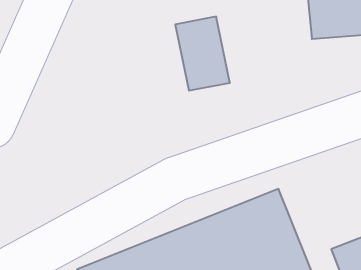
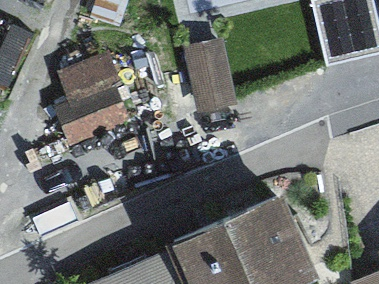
building: none -> [51,39,135,137]

